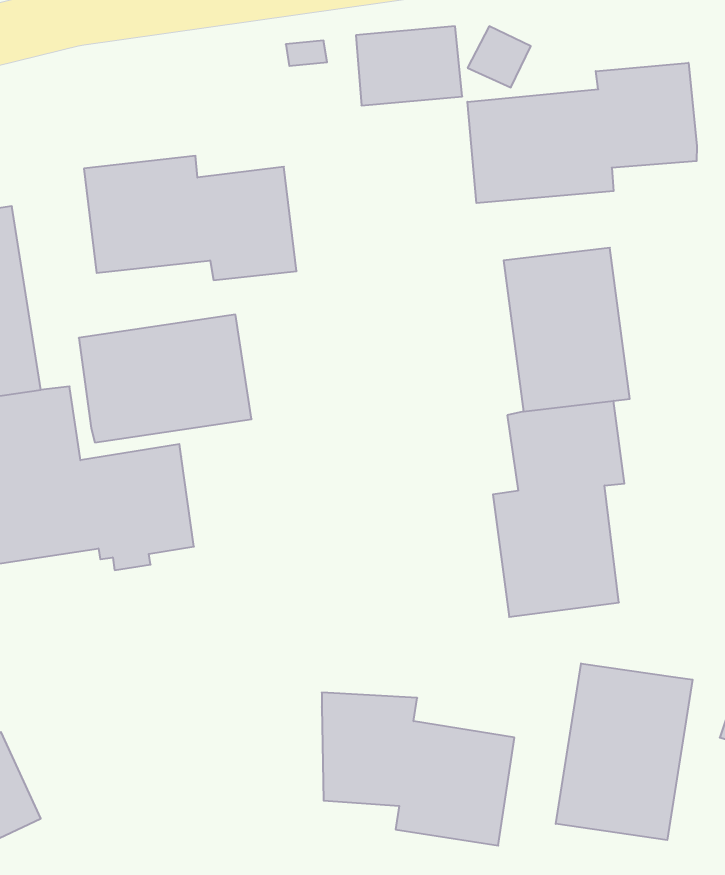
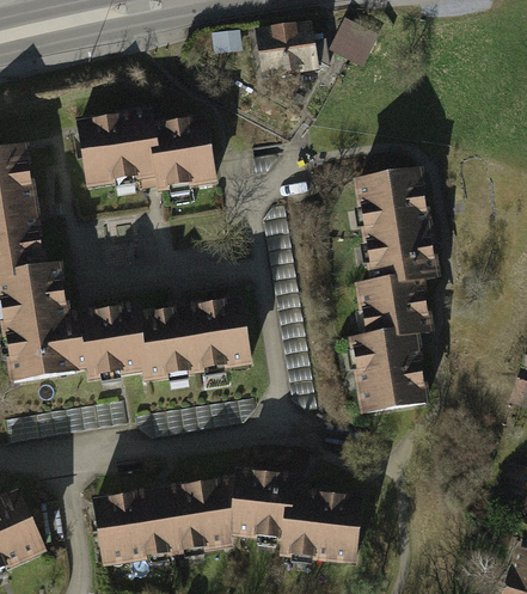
building: [467,63,697,203] -> none
building: [79,315,252,442] -> [140,293,255,378]
building: [556,663,693,840] -> none
building: none -> [90,474,234,564]

